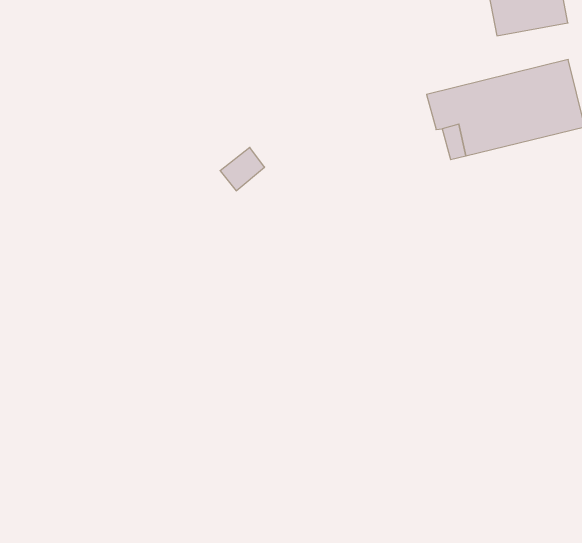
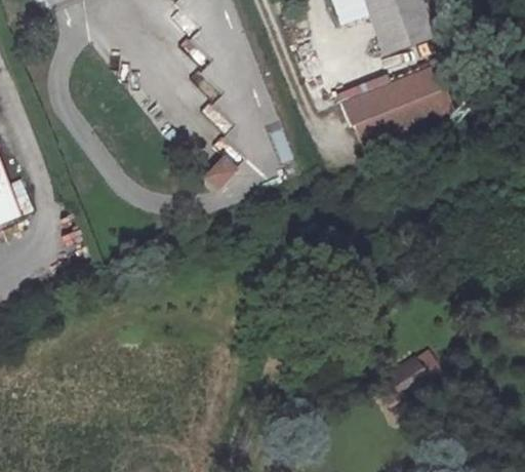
building: none -> [383,355,429,397]

